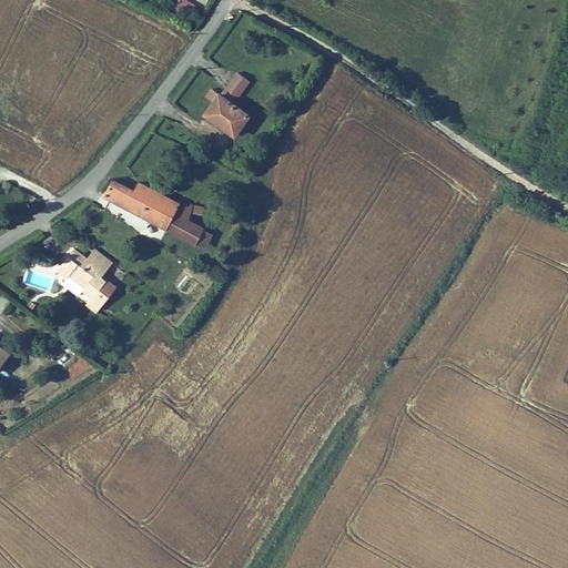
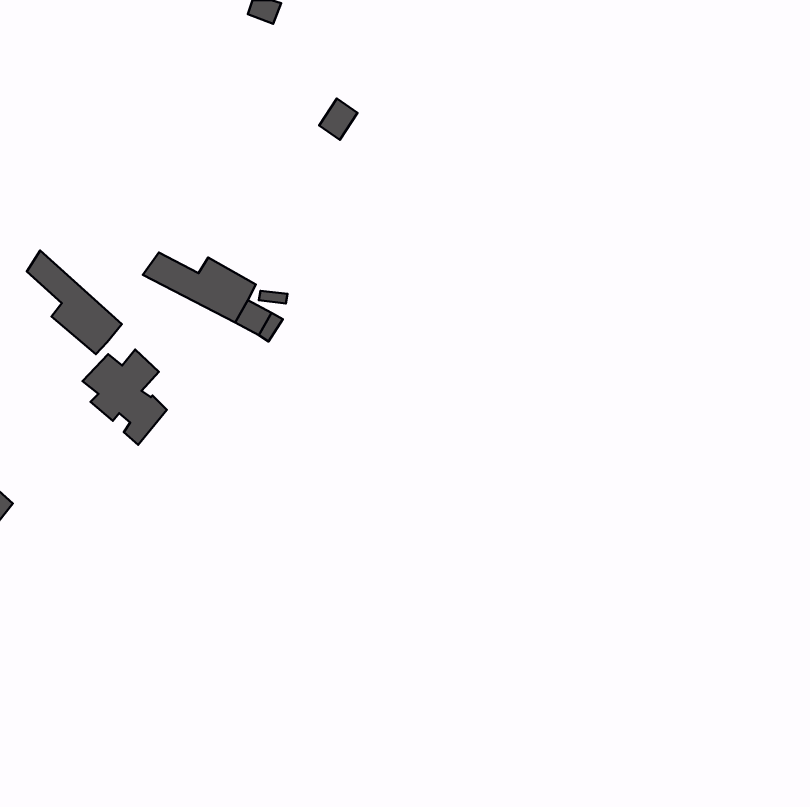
building: [206,95,250,136] -> none
building: none -> [27,250,122,354]

